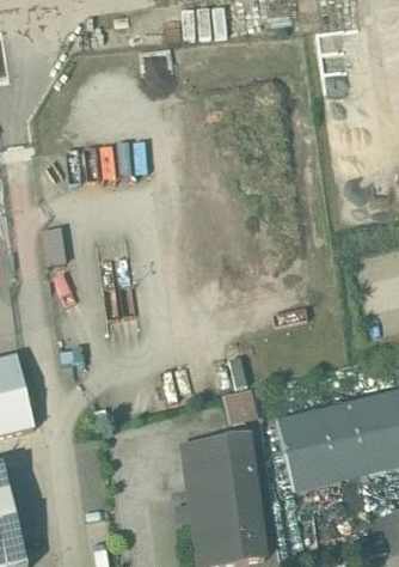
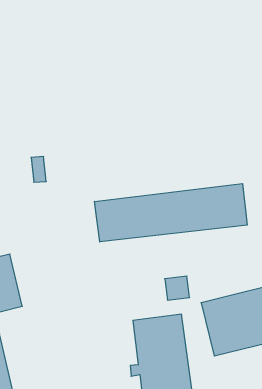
building: none -> [95,184,247,242]

